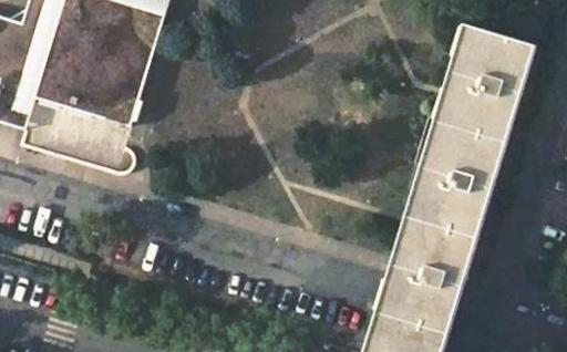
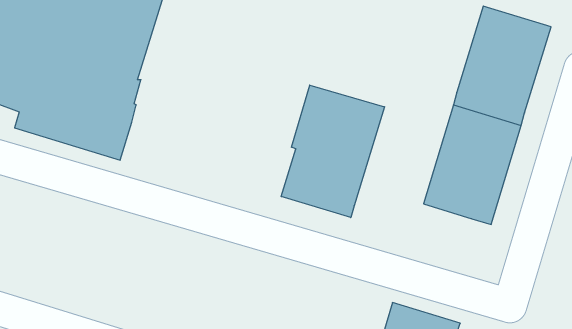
building: none -> [281,85,385,218]
building: [379,216,474,331] -> none

